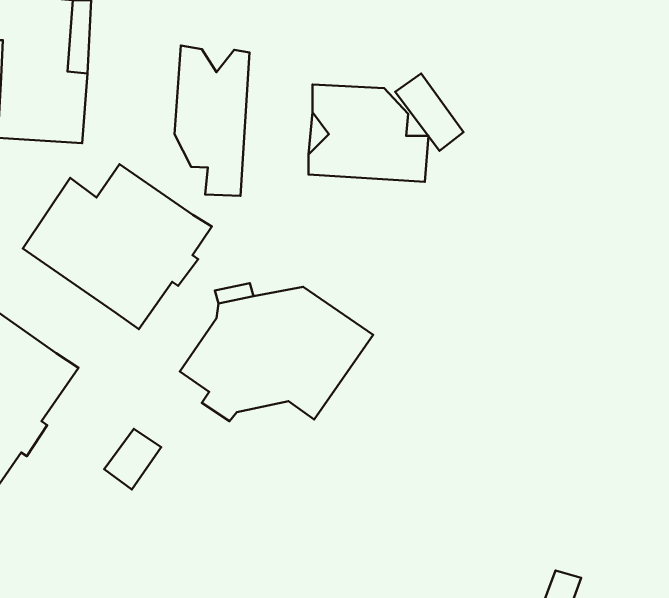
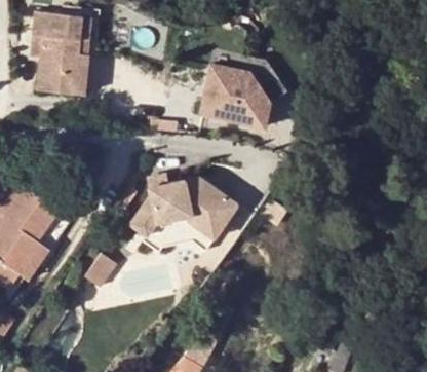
building: [175,46,250,196] -> none
building: [23,164,212,329] -> none

